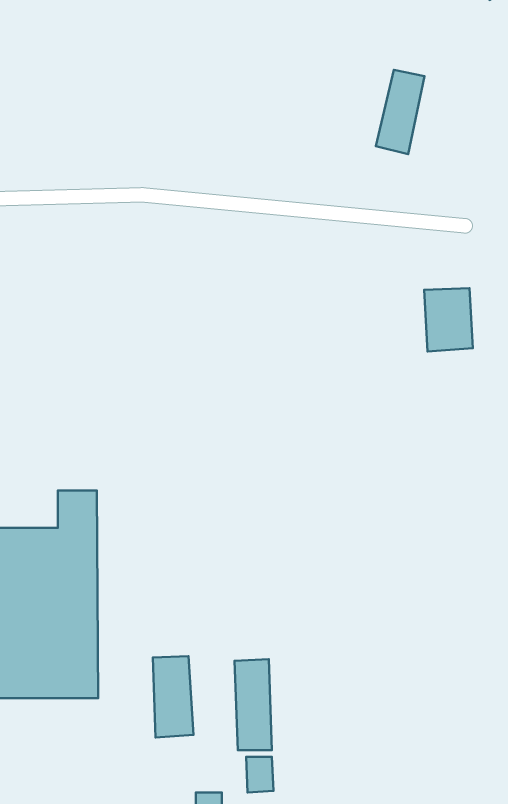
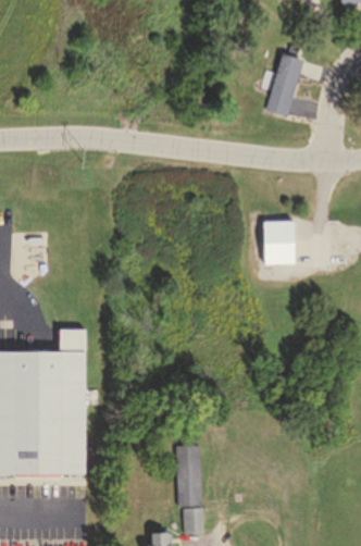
building: [424,288,473,351] -> [264,220,297,262]
building: [153,656,193,737] -> none

